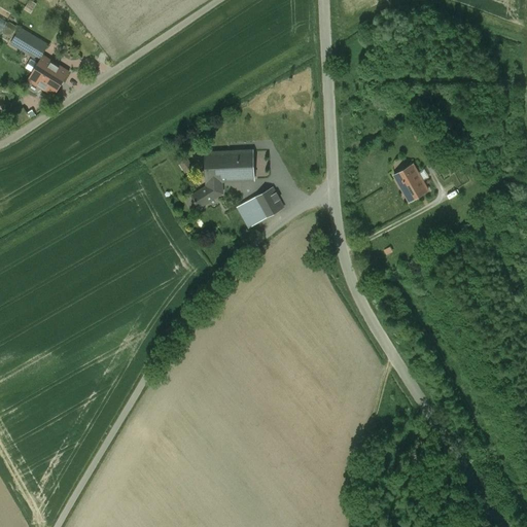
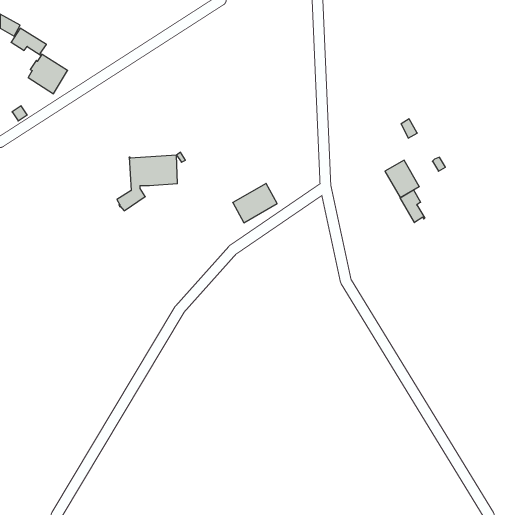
building: [192,150,254,207] -> [117,155,177,211]
building: none -> [400,190,425,223]

